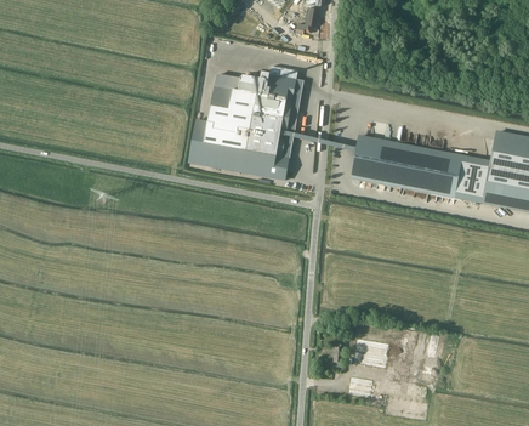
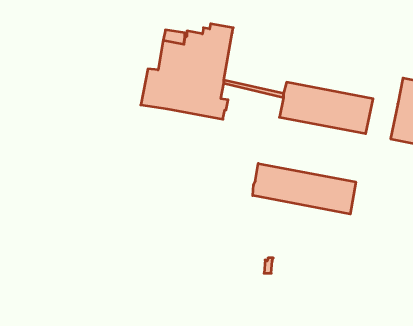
building: [455,154,493,201] -> none
building: none -> [253,163,356,214]

